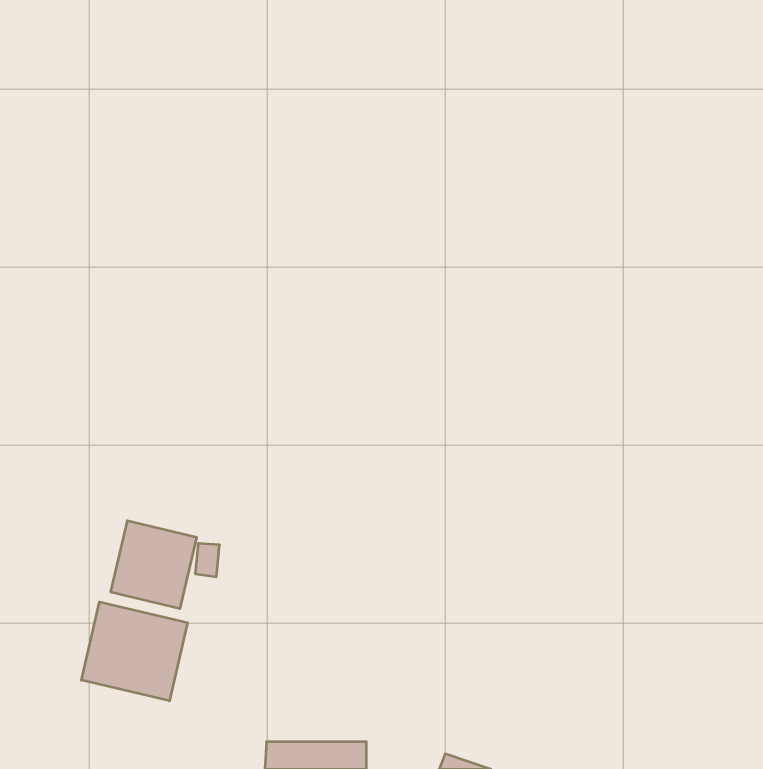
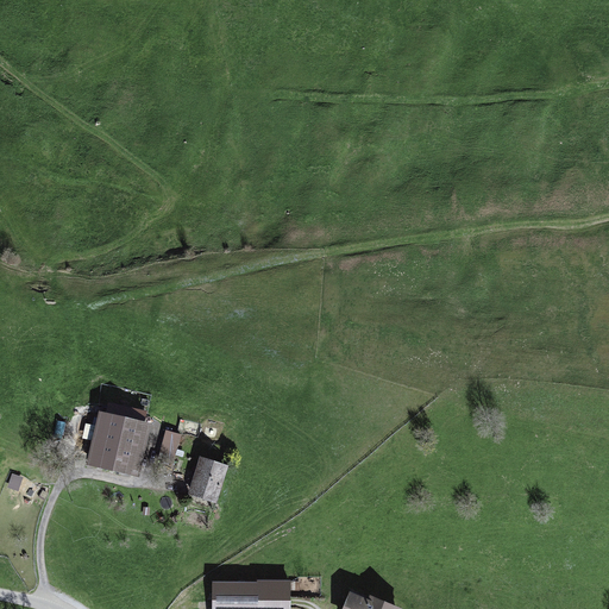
building: none -> [187,456,231,506]
building: [81,602,187,701] -> none

